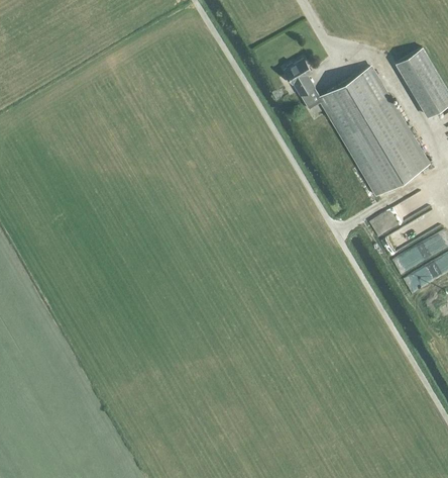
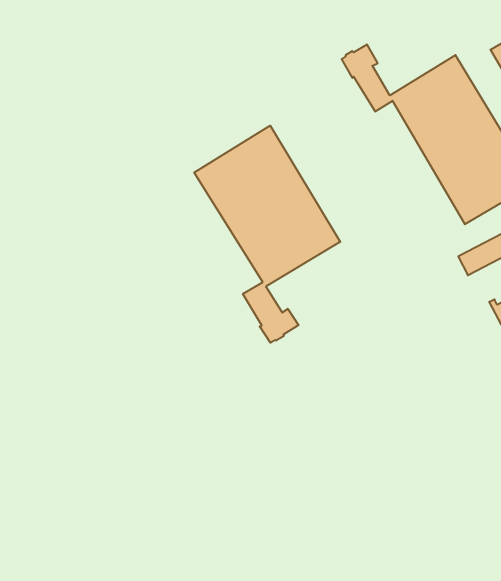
building: none -> [194,126,340,343]

